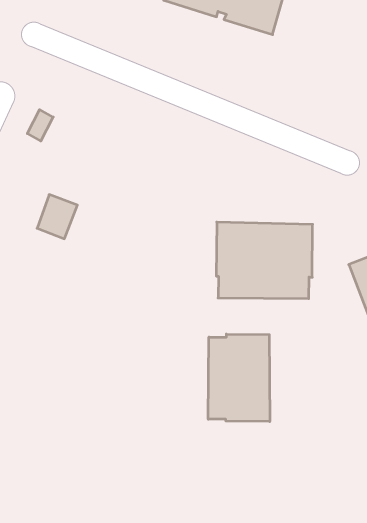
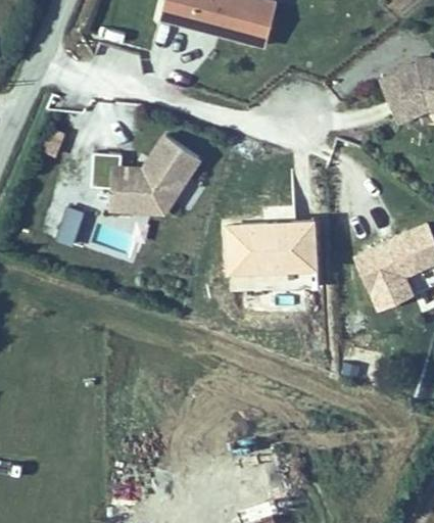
building: none -> [93,133,202,215]
building: [208,334,270,422] -> none

